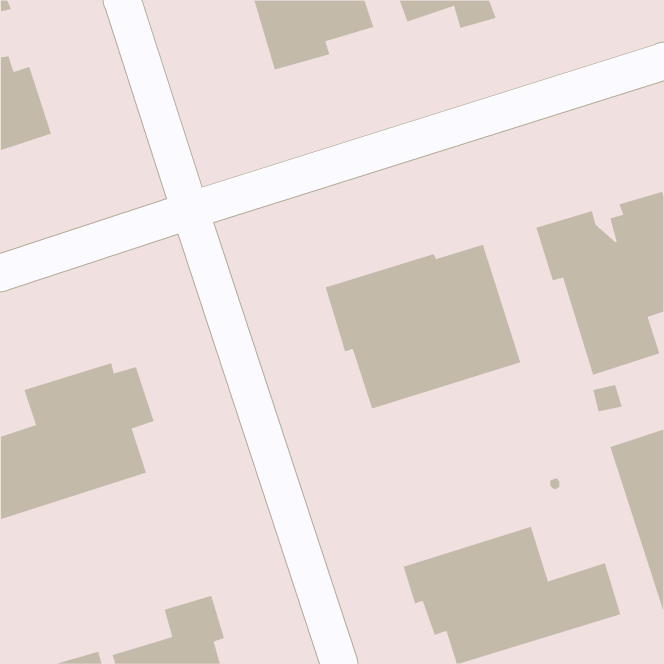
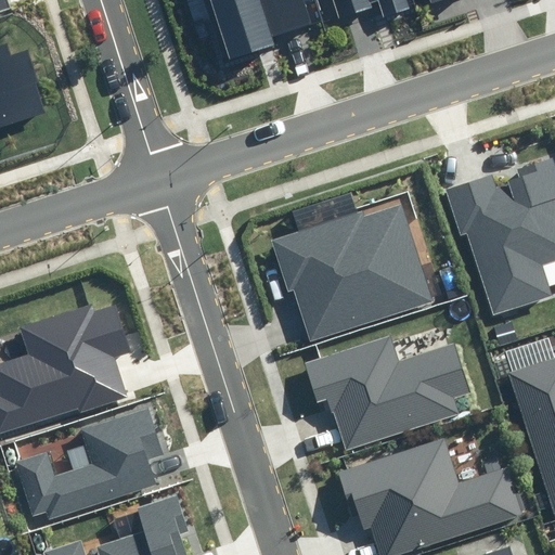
building: none -> [301,333,467,449]
building: none -> [18,410,165,520]

